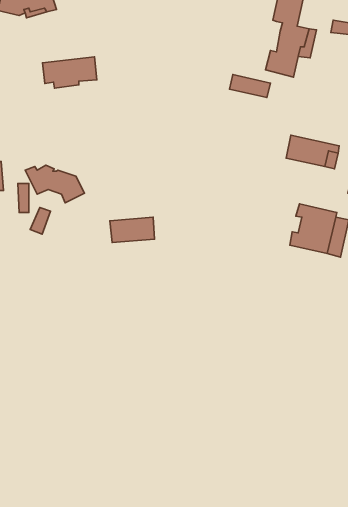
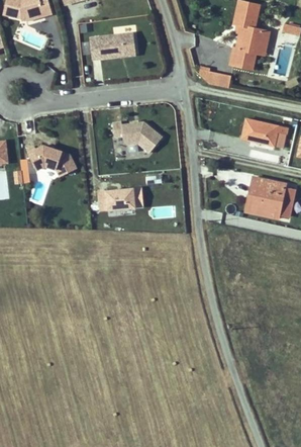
building: [43,57,97,88] -> [90,32,135,59]
building: none -> [112,121,162,153]

